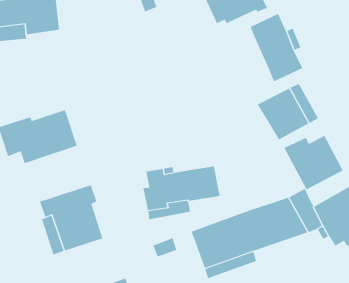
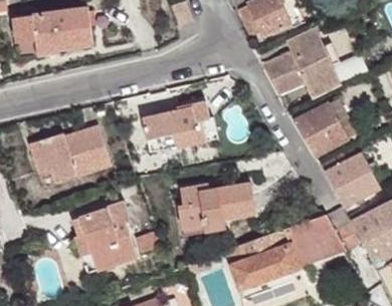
building: none -> [262,51,305,95]
building: none -> [142,96,220,144]

